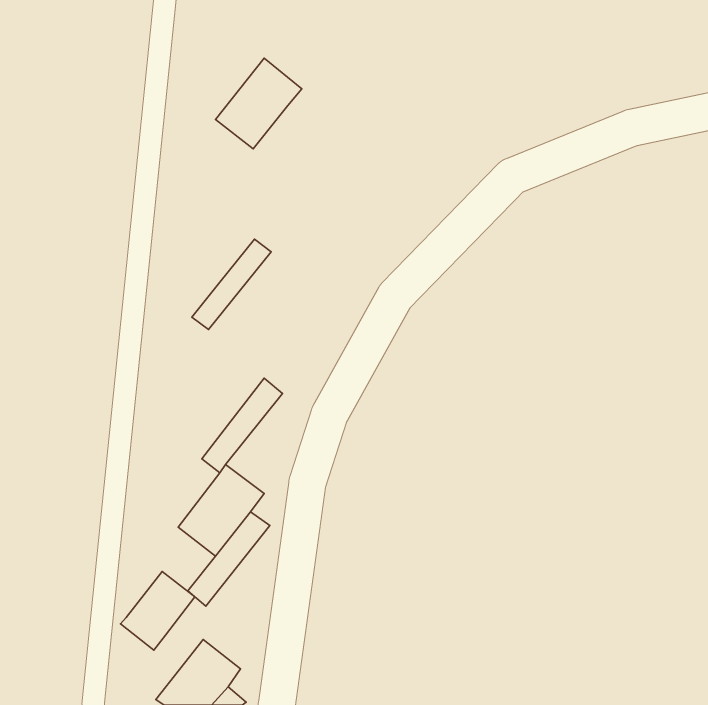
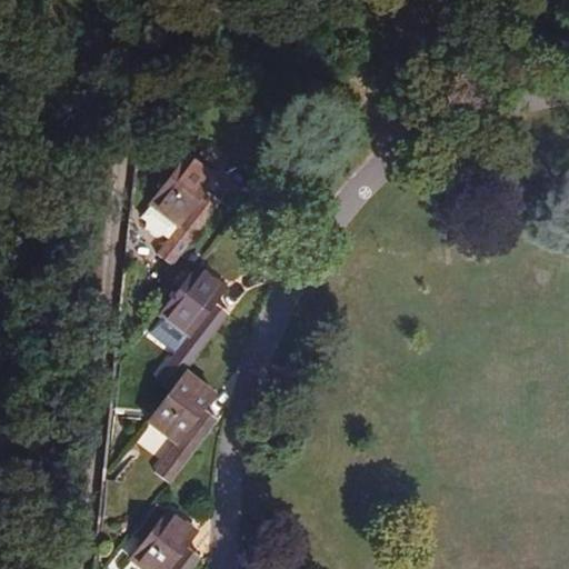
building: [215,58,302,149] -> [148,153,217,226]
building: none -> [156,266,224,337]
building: [121,572,195,650] -> none

